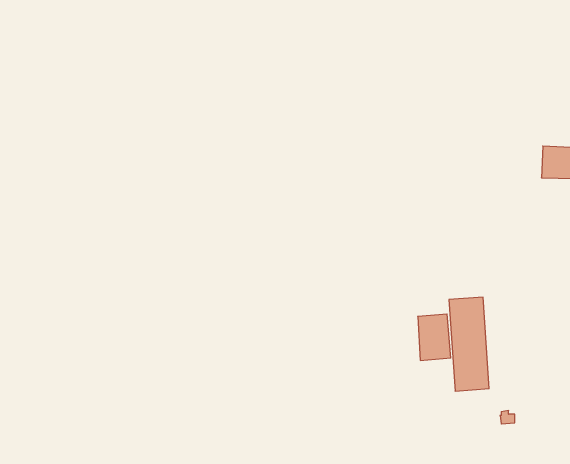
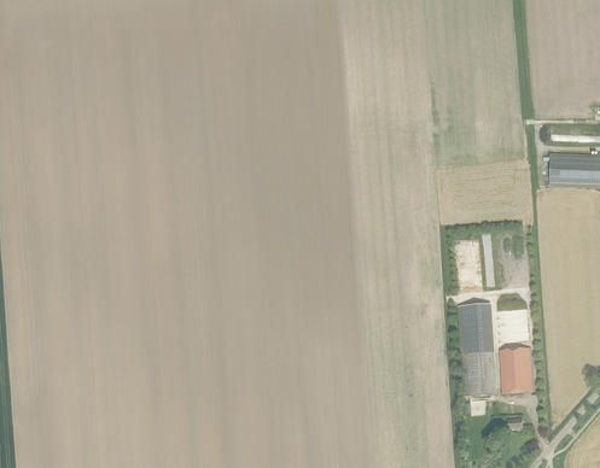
building: [418,314,451,360] -> [500,346,532,392]

